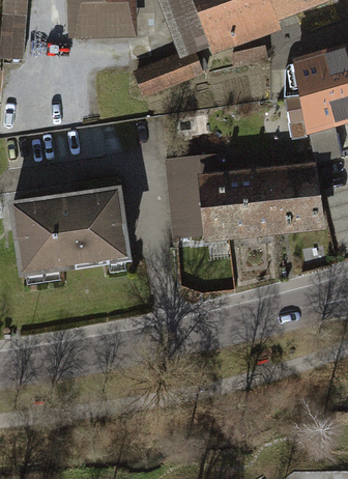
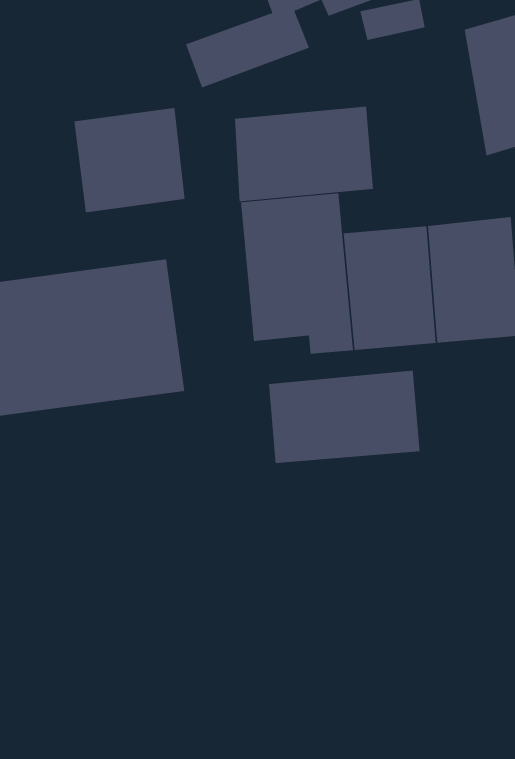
building: none -> [234,106,373,202]
building: none -> [74,107,185,213]
building: none -> [269,370,420,464]

